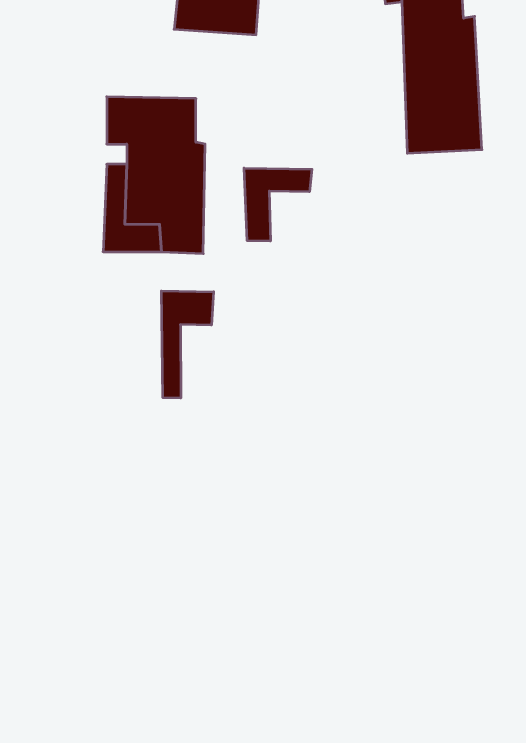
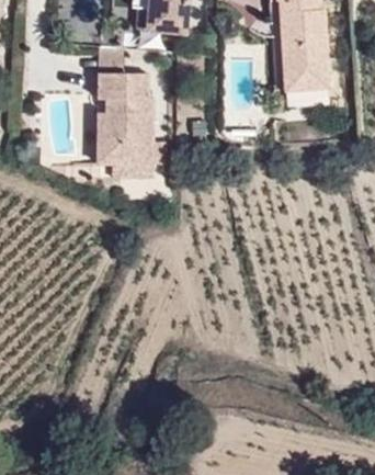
building: [244,168,312,241] -> none
building: [161,291,214,398] -> none

